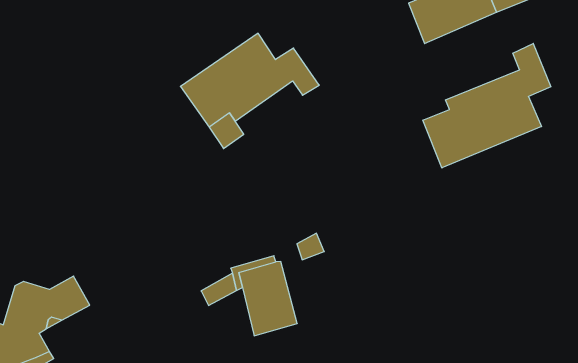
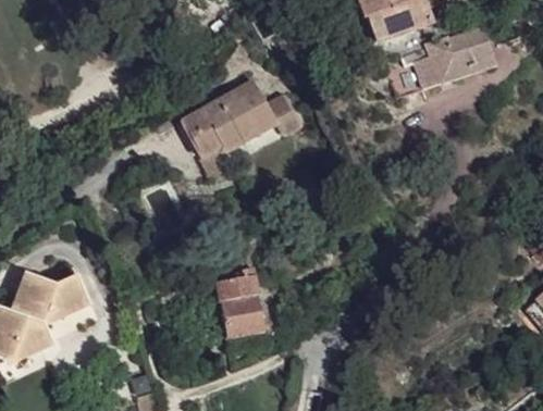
building: [423,43,551,168] -> none

